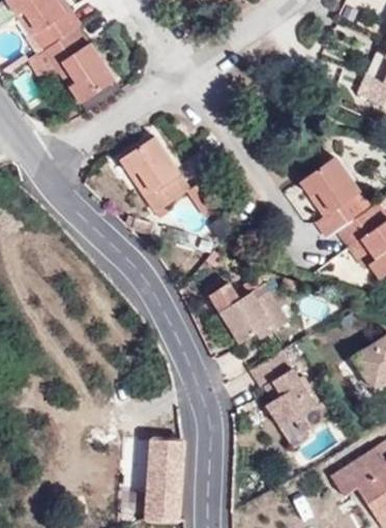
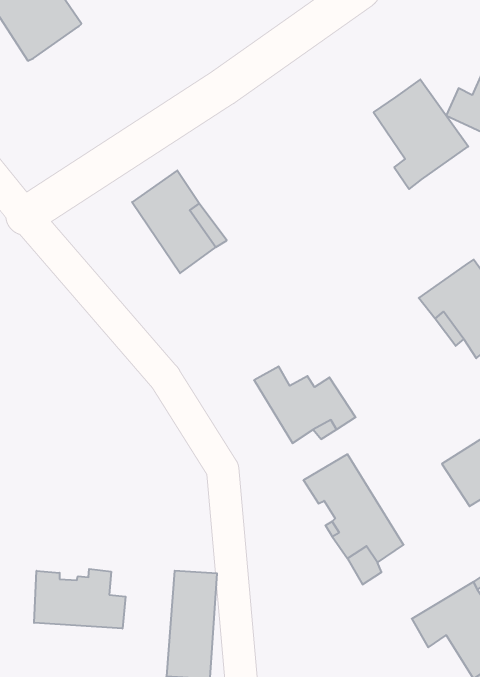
building: [46,27,115,105] -> none
building: [300,156,372,239] -> [374,79,468,189]
building: none -> [34,569,126,629]

